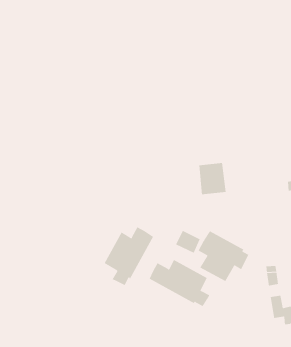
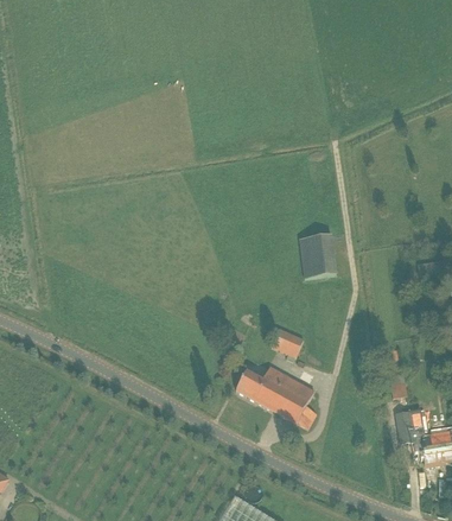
building: [104,227,154,286] -> none
building: [198,230,249,282] -> none

